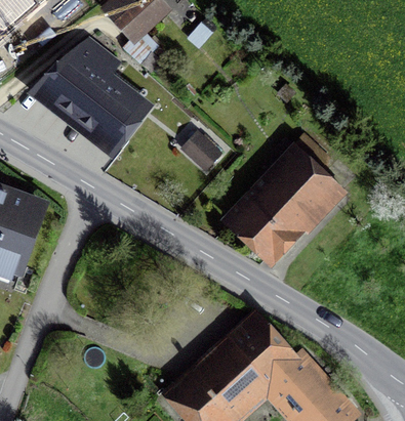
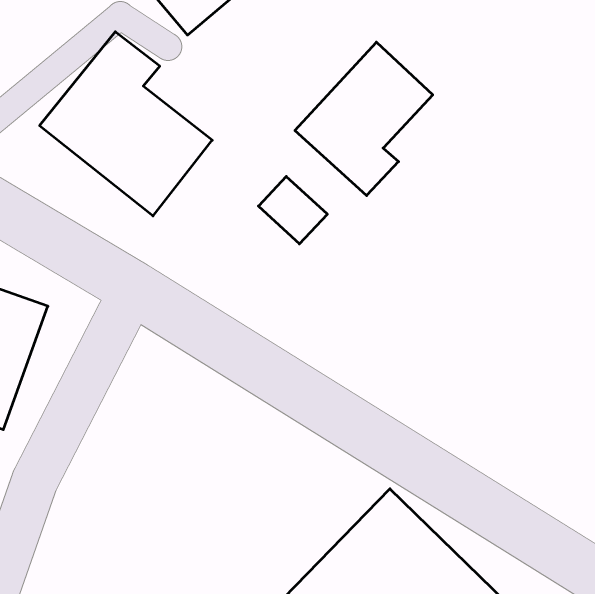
building: none -> [295,42,433,196]
building: [222,144,342,269] -> none

